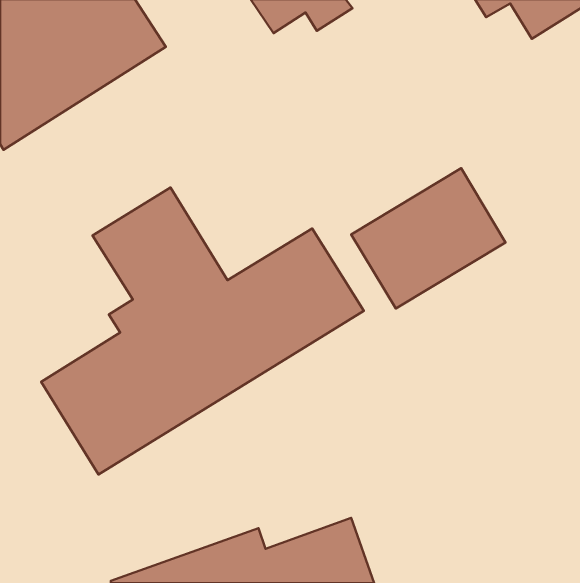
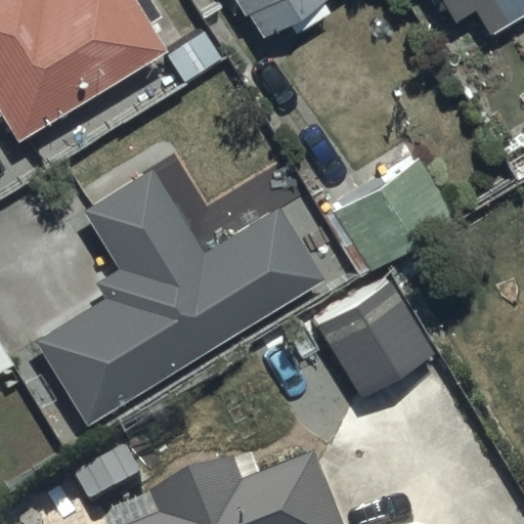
building: none -> [259,273,424,393]

